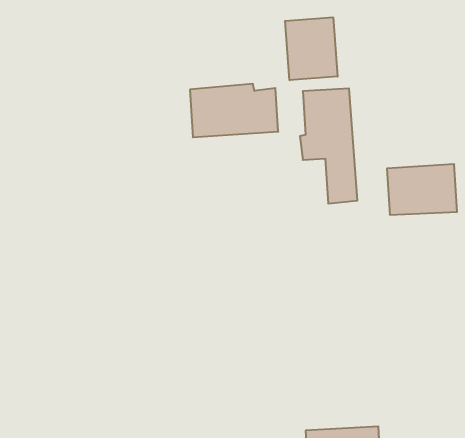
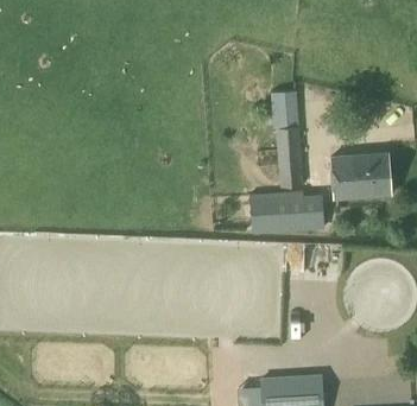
building: [285,17,338,80] -> none
building: [190,84,278,137] -> [251,190,326,235]

